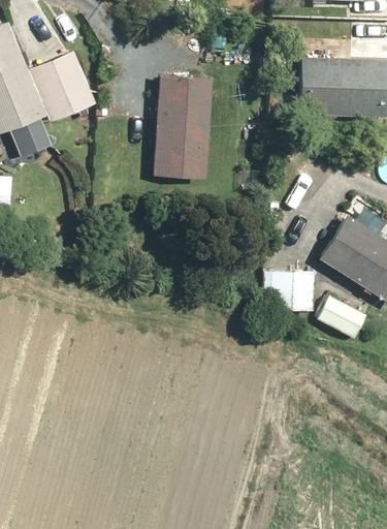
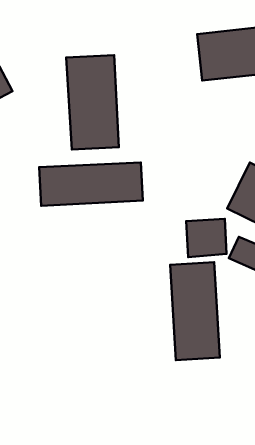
building: none -> [39,163,143,206]
building: none -> [170,262,220,360]

